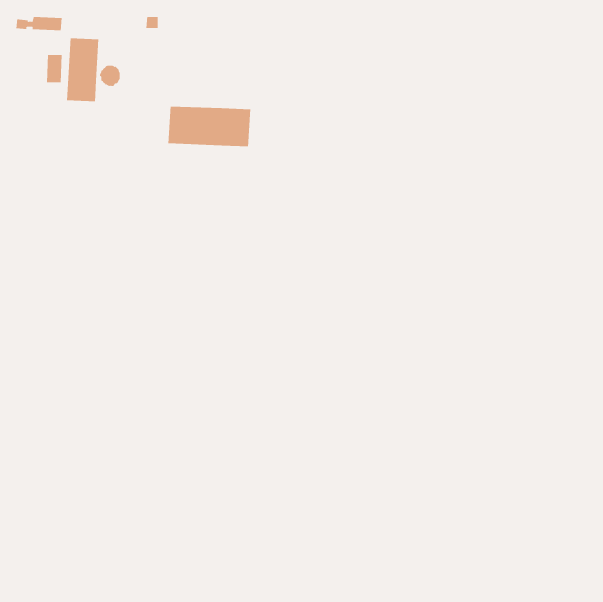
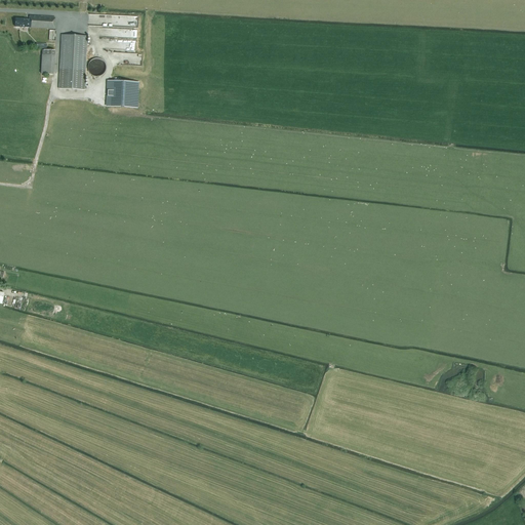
building: none -> [106,79,137,106]
building: [168,106,251,147] -> none

